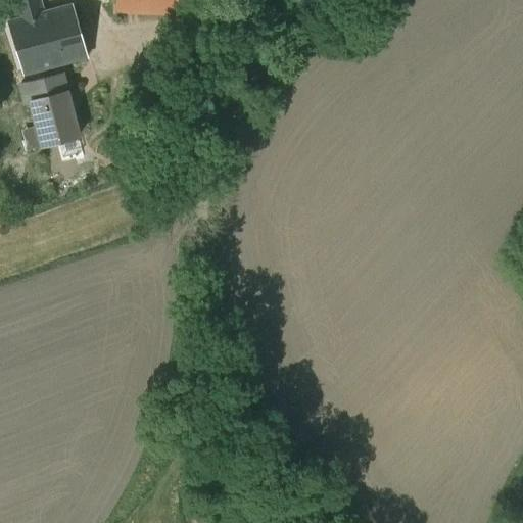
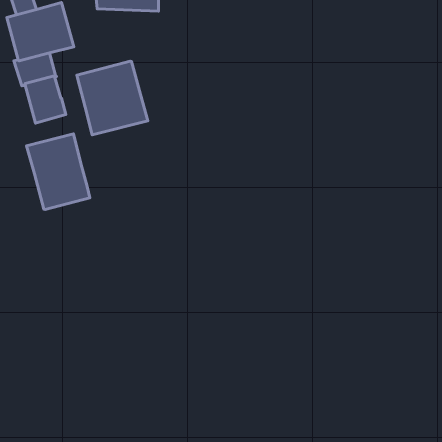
building: none -> [77,61,148,135]
building: none -> [27,134,90,210]

